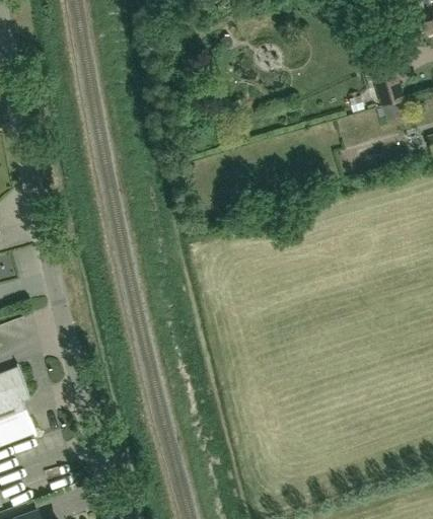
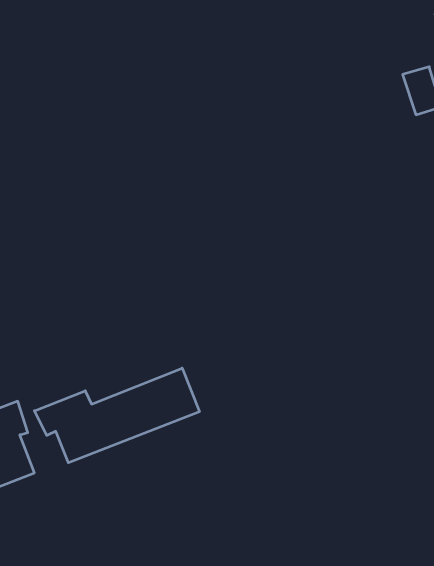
building: none -> [34,368,199,463]

